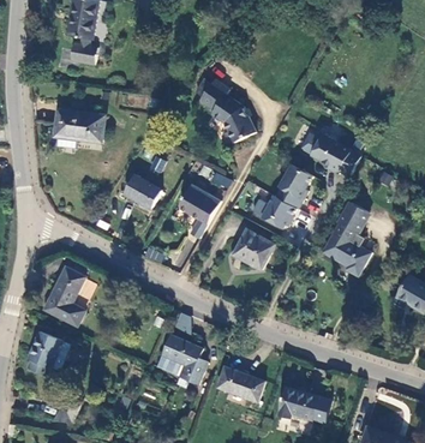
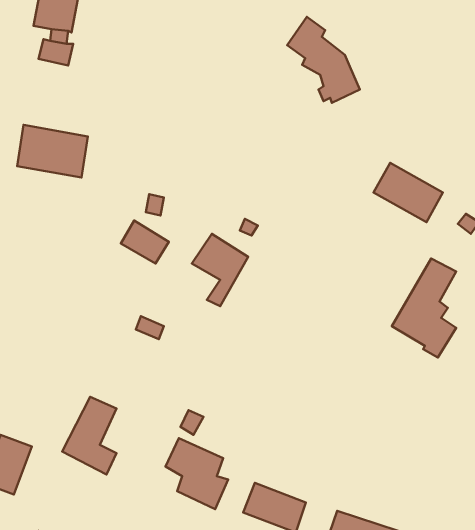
building: [199,79,252,142] -> [287,17,360,103]
building: [267,163,315,228] -> none
building: [239,229,276,265] -> none
building: [46,269,85,325] -> [62,397,116,475]

